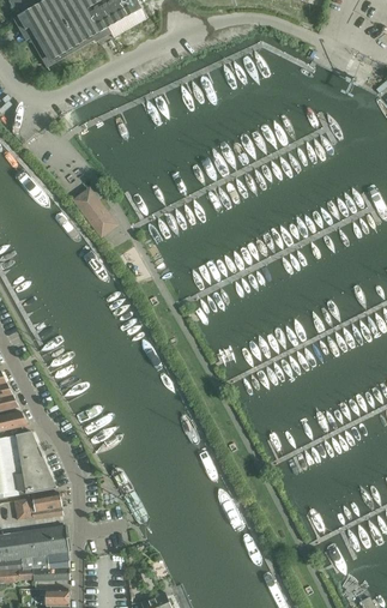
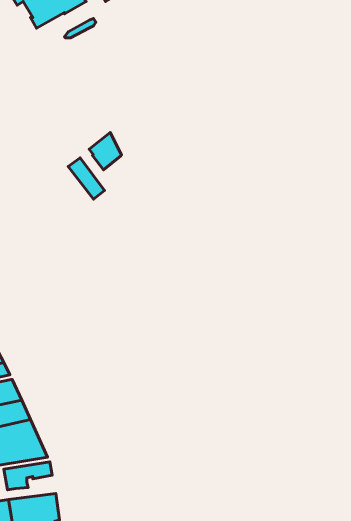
building: none -> [89,133,122,170]

